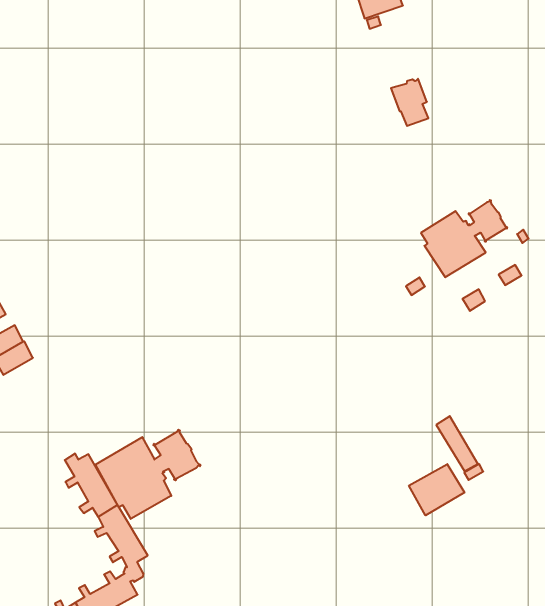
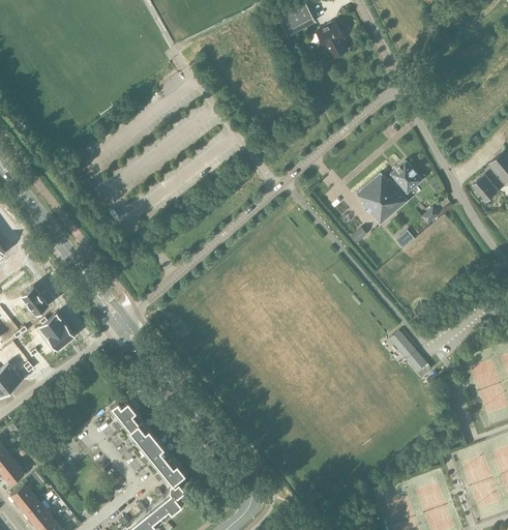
building: [391,79,428,126] -> [316,22,348,59]
building: [96,430,200,519] -> none
building: [409,464,464,515] -> none

